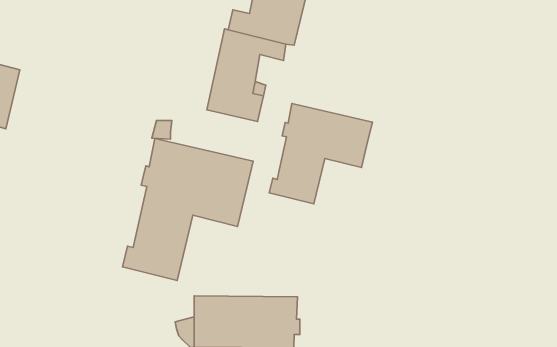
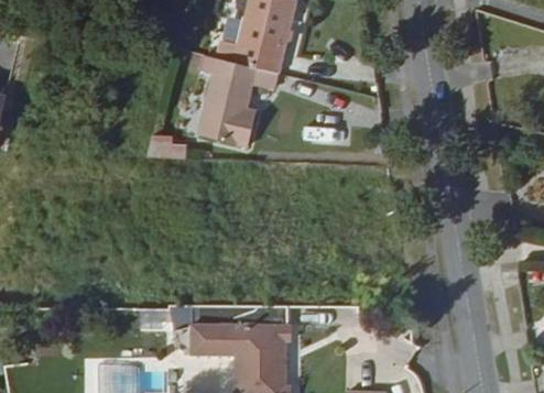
building: [269,103,372,204] -> none
building: [123,138,253,280] -> none

